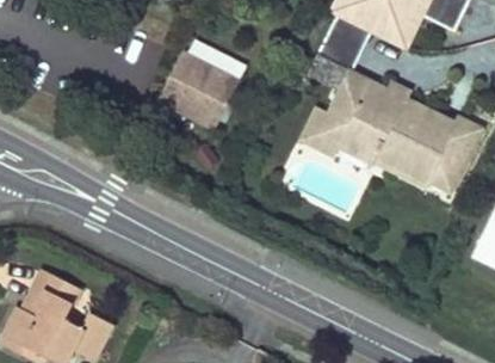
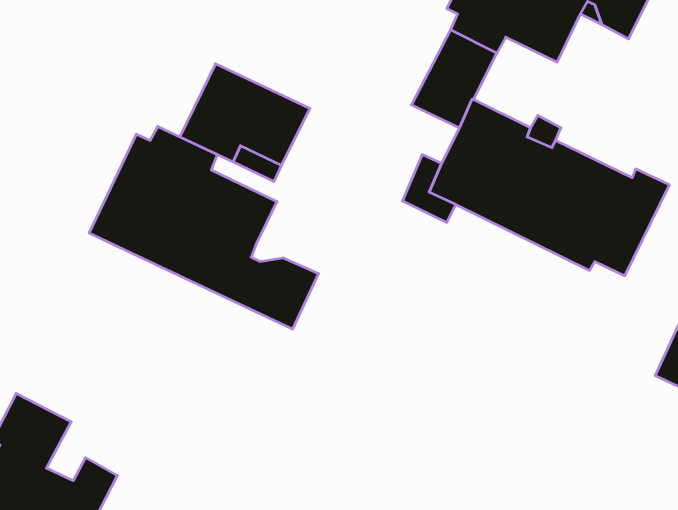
building: none -> [89,126,318,329]

